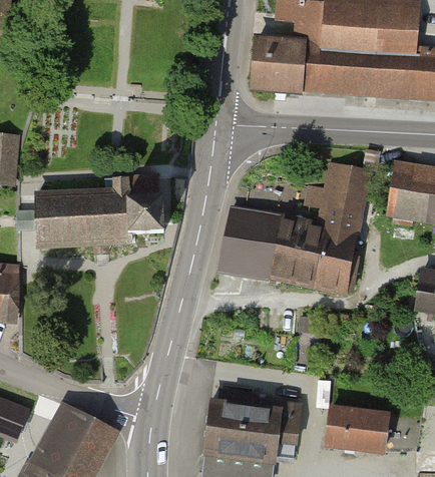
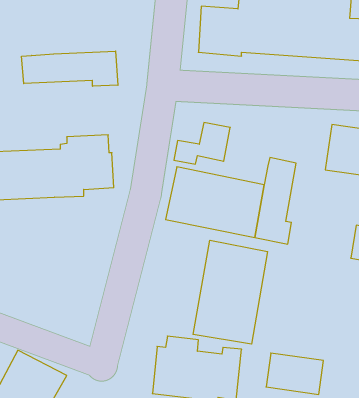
building: none -> [22,51,118,86]
building: [305,165,365,209] -> [174,123,230,164]
building: none -> [193,240,268,344]

